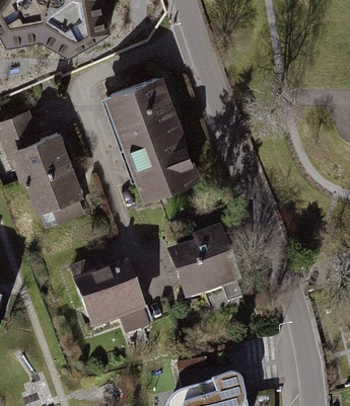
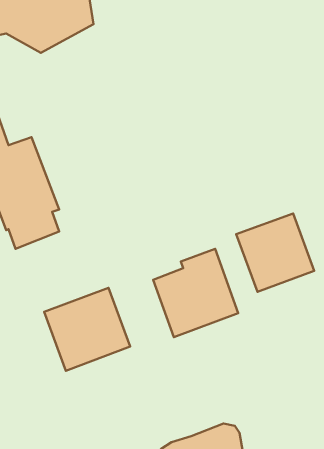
building: [100,66,200,193] -> none
building: none -> [236,213,314,292]

